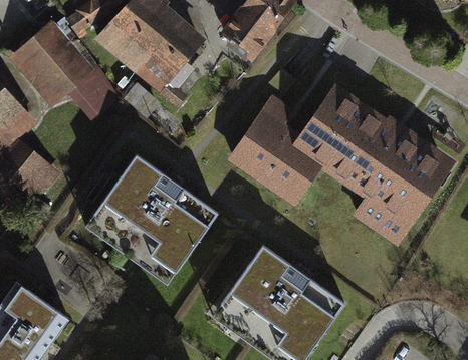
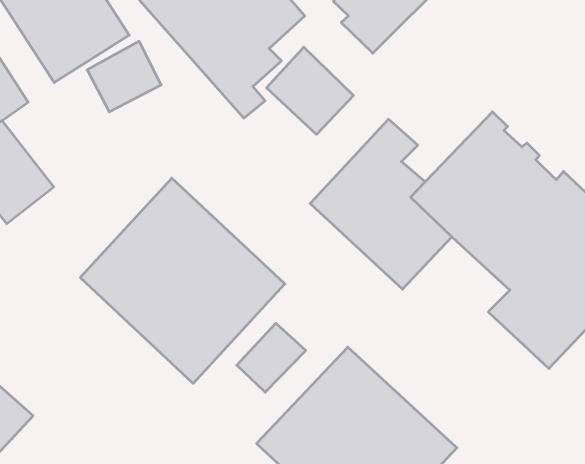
building: none -> [267,47,353,134]
building: none -> [237,323,306,392]

